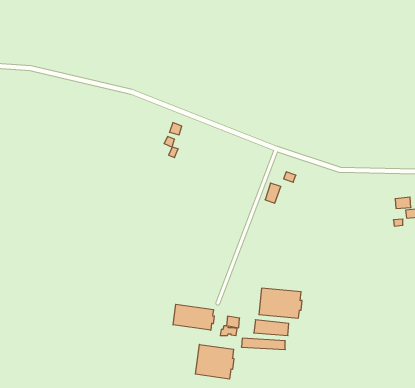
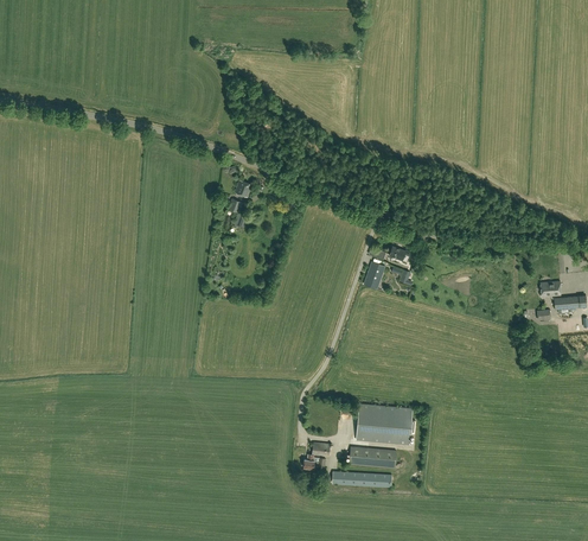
building: [173,304,214,330] -> none
building: [195,344,234,379] -> none

